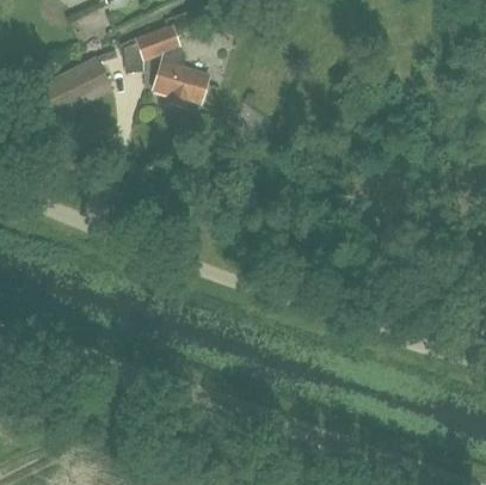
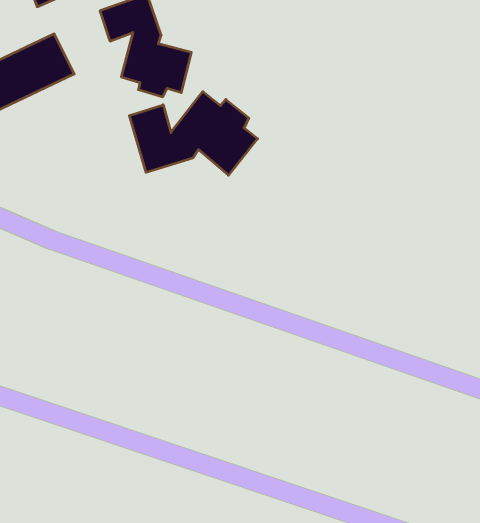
building: none -> [129,92,258,175]

